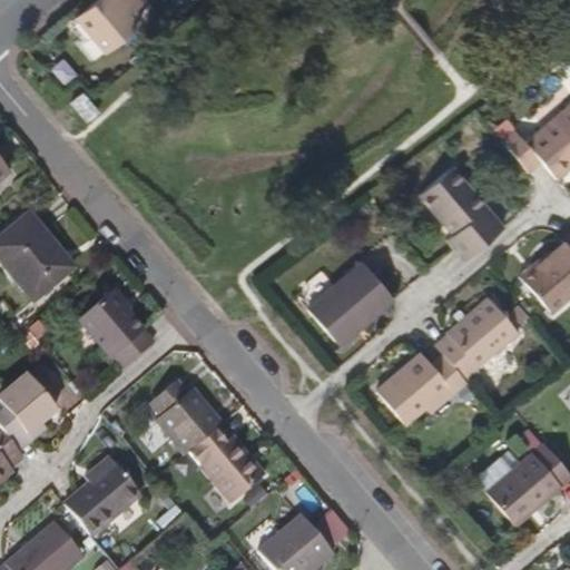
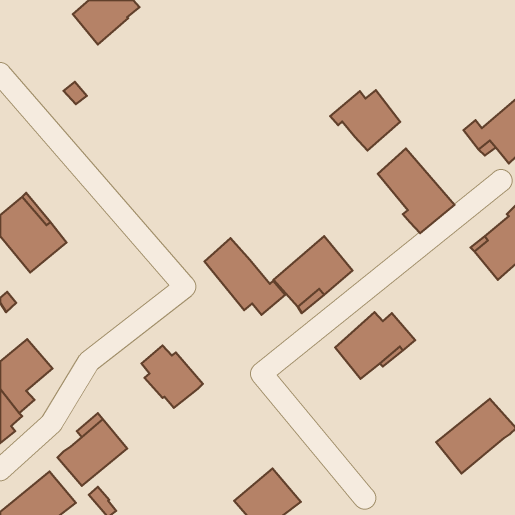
building: none -> [330,90,400,151]
building: none -> [205,238,285,315]
building: [83,287,160,365] -> none
building: [428,291,511,376] -> none
building: [193,430,269,503] -> none

